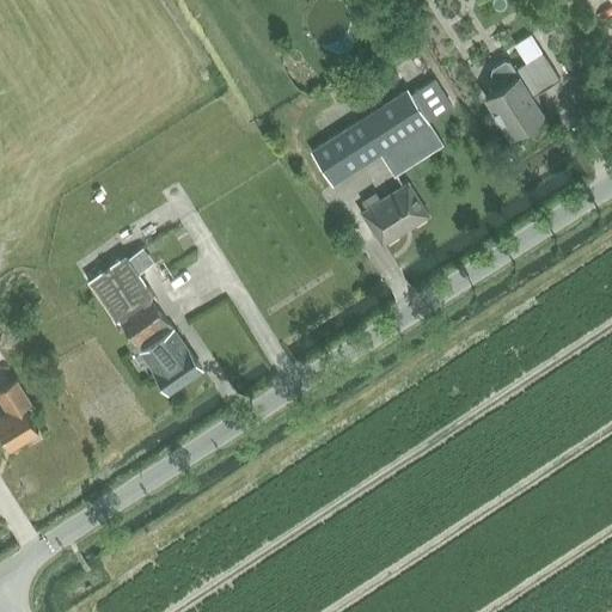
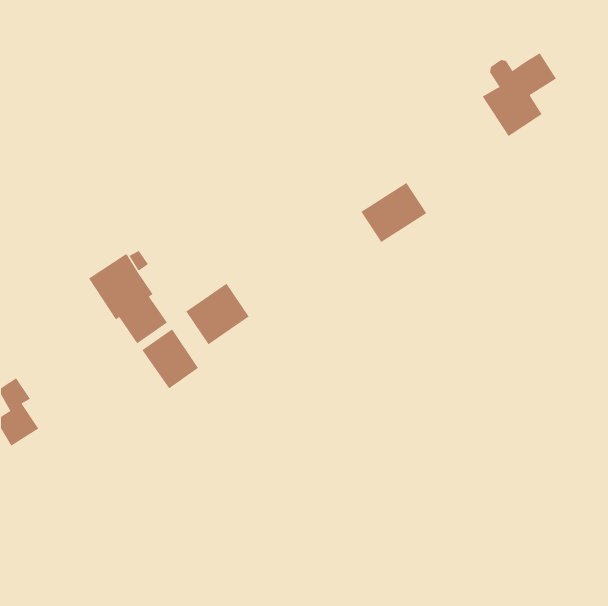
building: [311,80,453,186] -> none
building: none -> [185,283,250,345]

